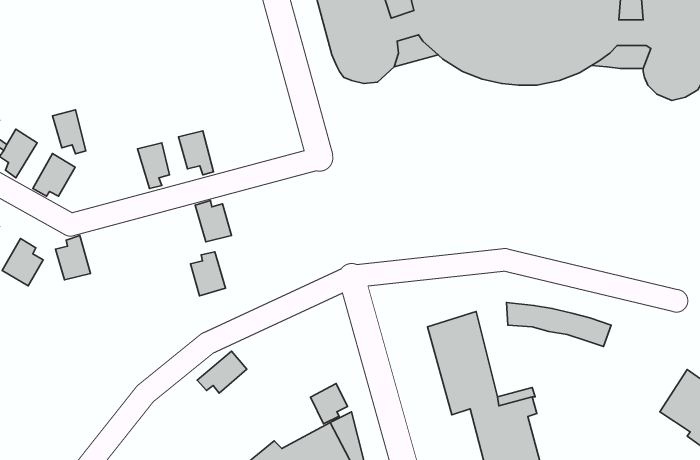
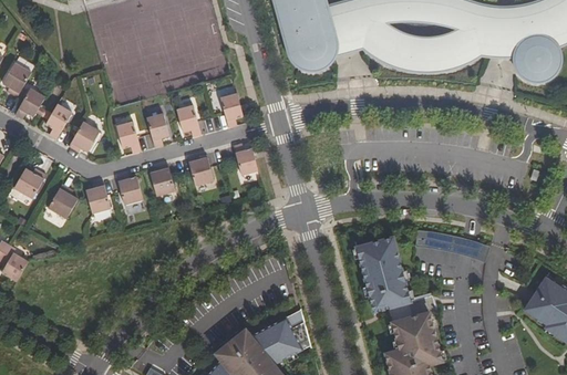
building: [53,110,86,154] -> [116,121,141,153]
building: none -> [219,93,241,126]
building: none -> [233,144,257,175]
building: none -> [116,174,143,205]
building: [191,252,225,296] -> [148,164,174,196]
building: [197,351,247,393] -> none
building: [311,383,348,424] -> none

